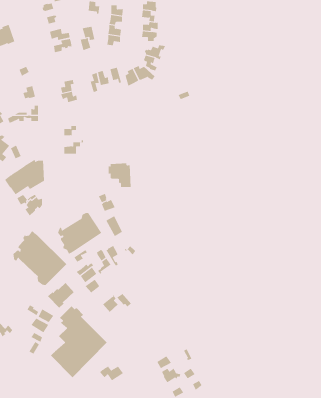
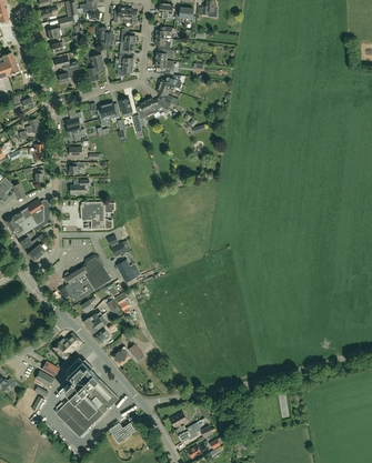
building: [108,163,131,187] -> [80,201,105,228]
building: [13,230,67,286] -> none

